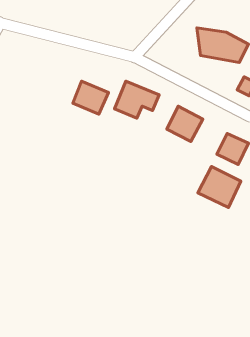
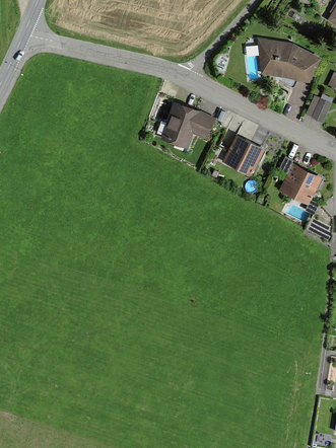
building: [73,81,108,114] -> none
building: [198,167,241,208] -> none

